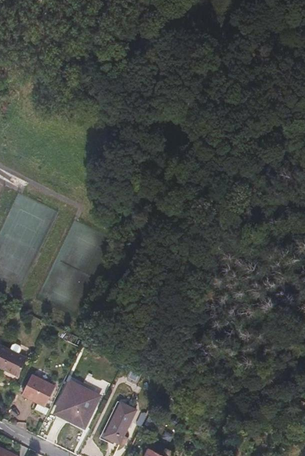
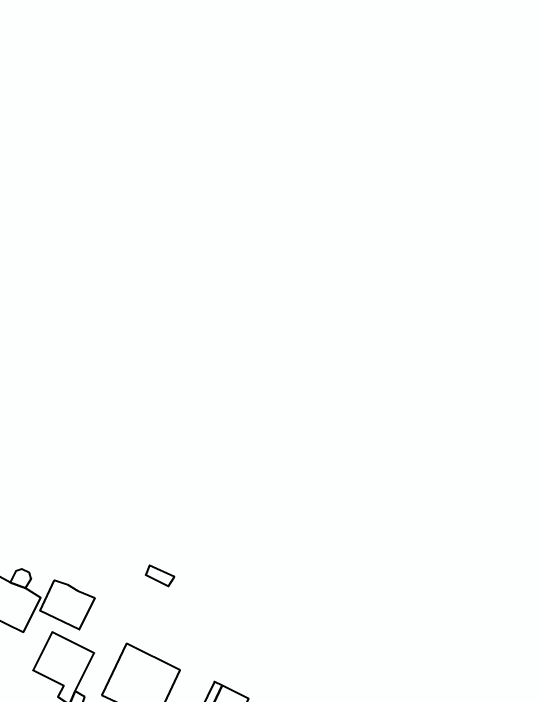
building: none -> [40,580,95,630]

